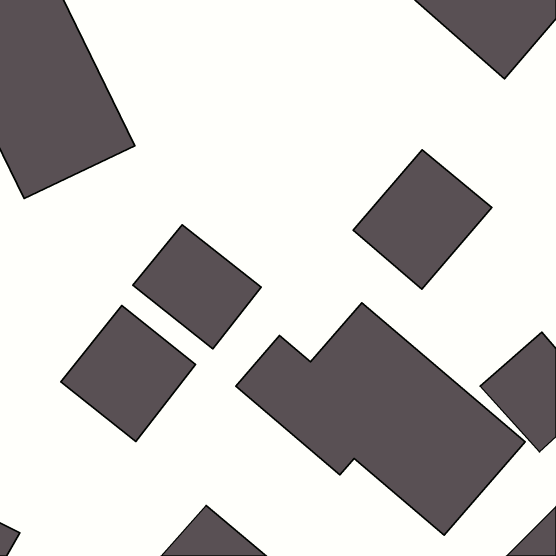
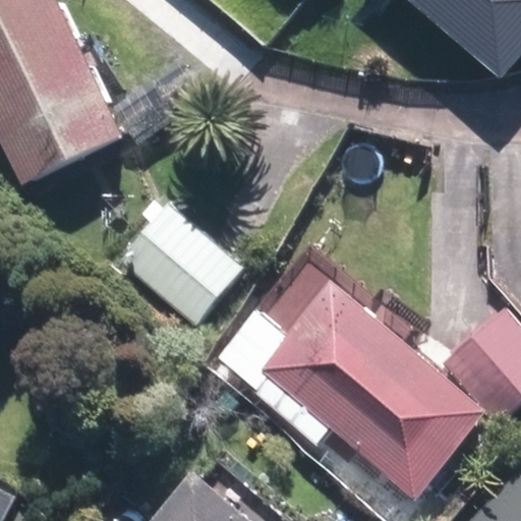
building: [353,150,492,289] -> none
building: [61,306,196,441] -> none

